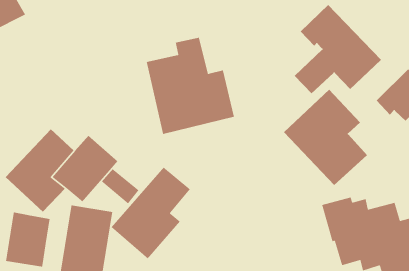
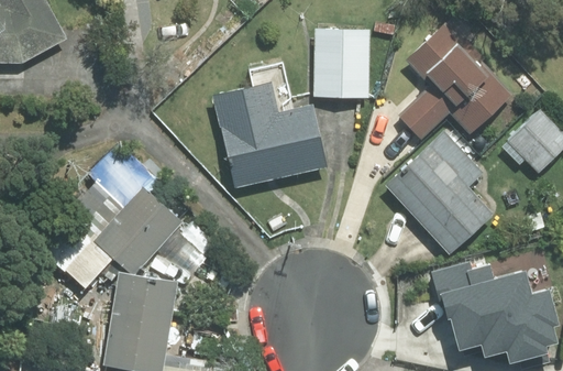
building: none -> [314,29,369,97]
building: [111,166,191,259] -> none
building: [5,212,51,267] -> none

